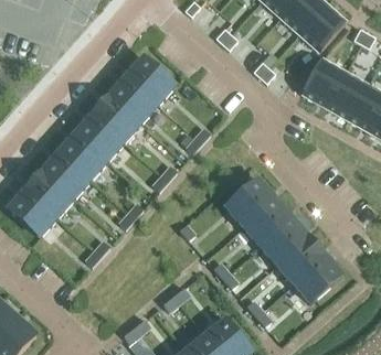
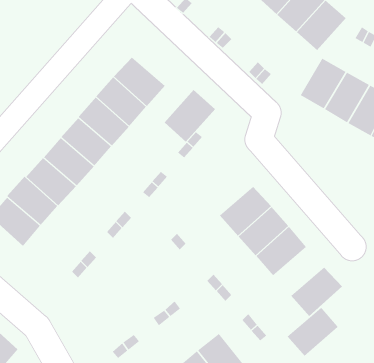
building: none -> [164,89,216,142]
building: [276,235,325,282] -> [287,306,338,356]

